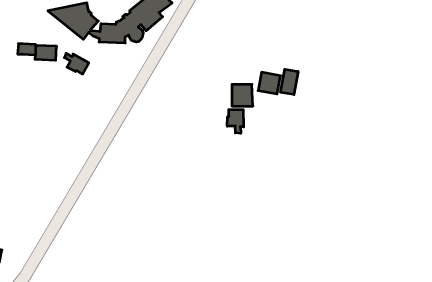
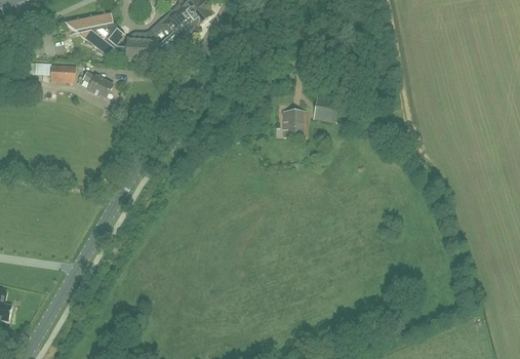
building: [281,69,298,95] -> none
building: [227,110,244,133] -> none

